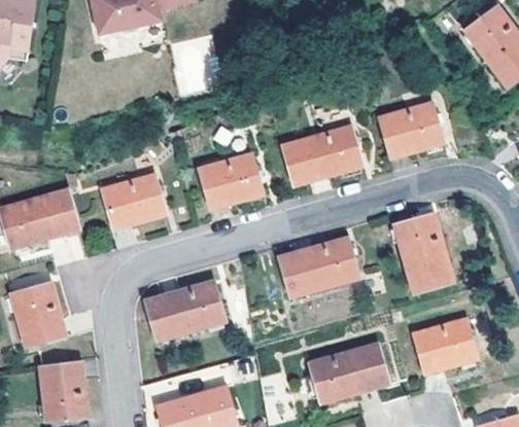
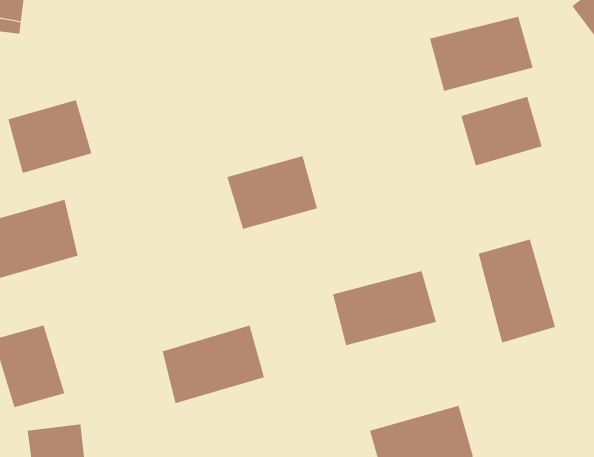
building: [281,126,362,184] -> [429,16,534,91]
building: [100,171,166,228] -> [8,99,92,173]
building: [412,319,477,375] -> none

